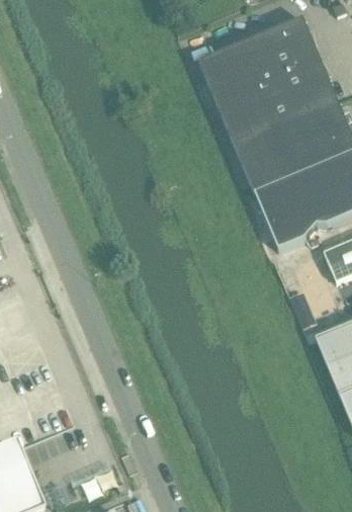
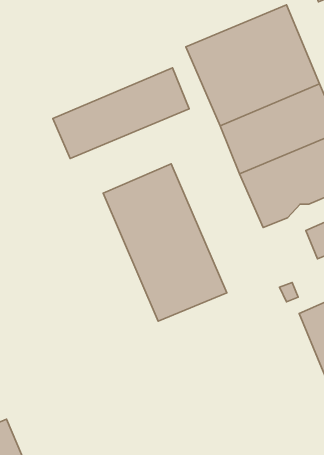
building: none -> [53,68,189,158]
building: none -> [103,164,227,321]

